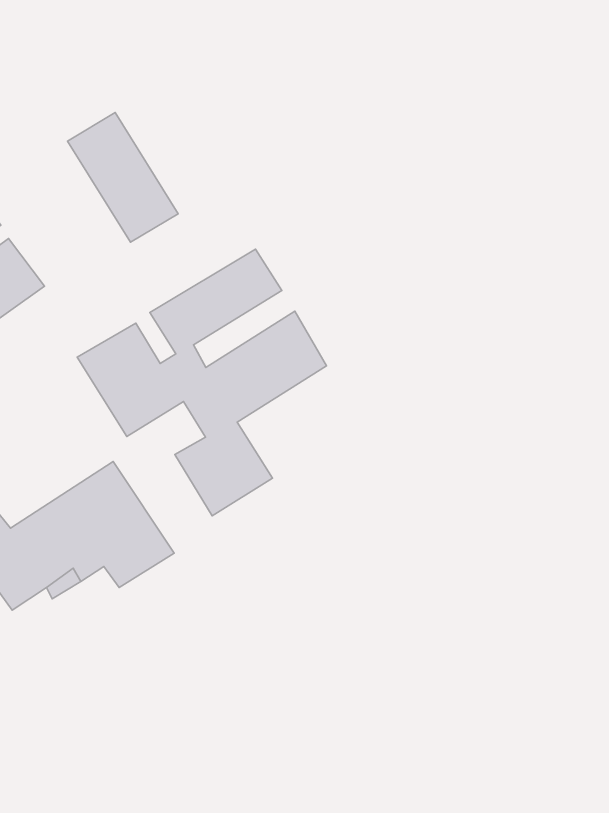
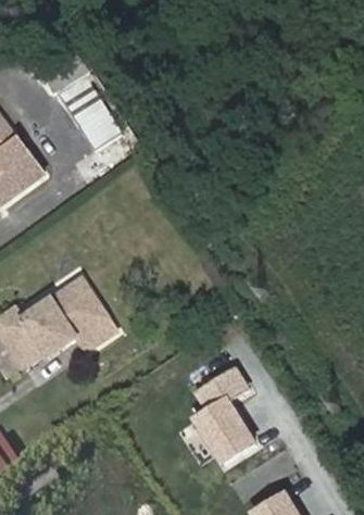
building: [77,249,326,516] -> none
building: none -> [193,364,261,467]

